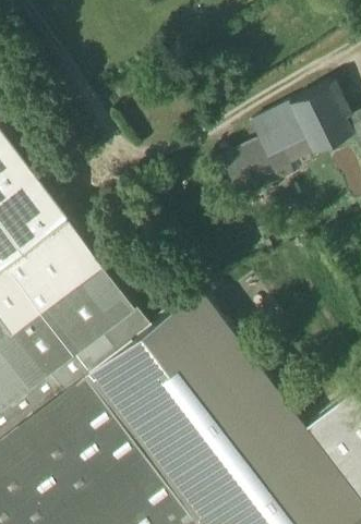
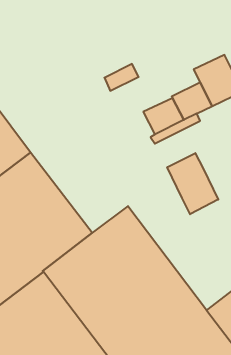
building: [249,103,294,139] -> [104,64,139,91]
building: none -> [167,153,218,214]

